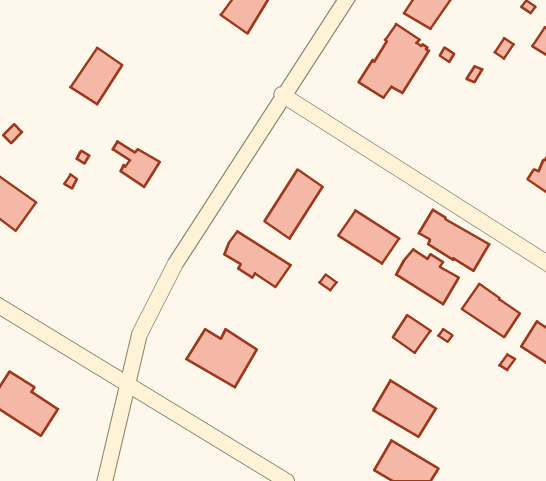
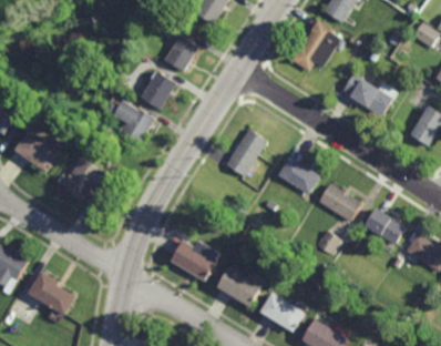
building: [70,48,122,104] -> [137,74,174,114]
building: none -> [164,39,197,74]
building: none -> [64,152,115,196]
building: [419,210,489,271] -> [342,75,392,119]
building: [224,231,291,287] -> none
building: none -> [215,263,261,305]
building: [373,380,436,437] -> [259,289,304,329]

